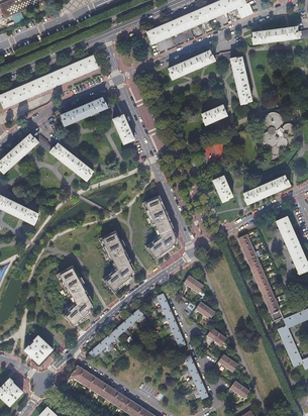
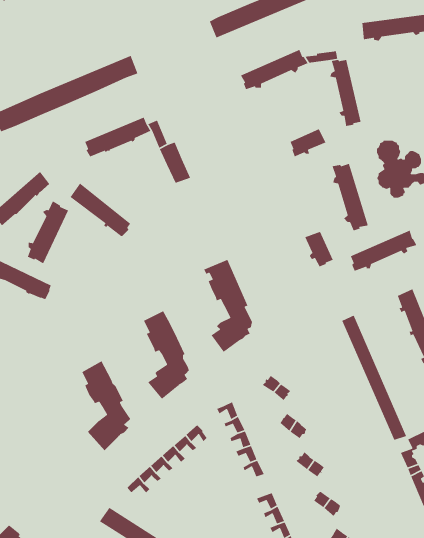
building: none -> [332,163,369,231]
building: none -> [27,200,69,264]
building: [24,335,53,363] -> none

